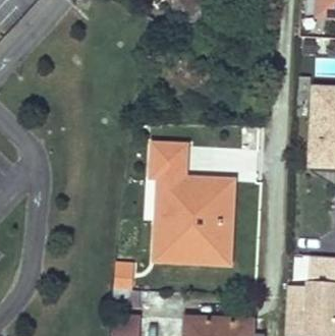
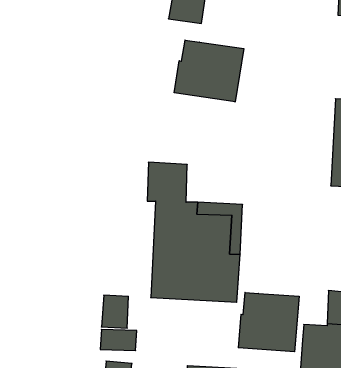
building: none -> [174,40,244,102]
building: none -> [238,292,299,352]

